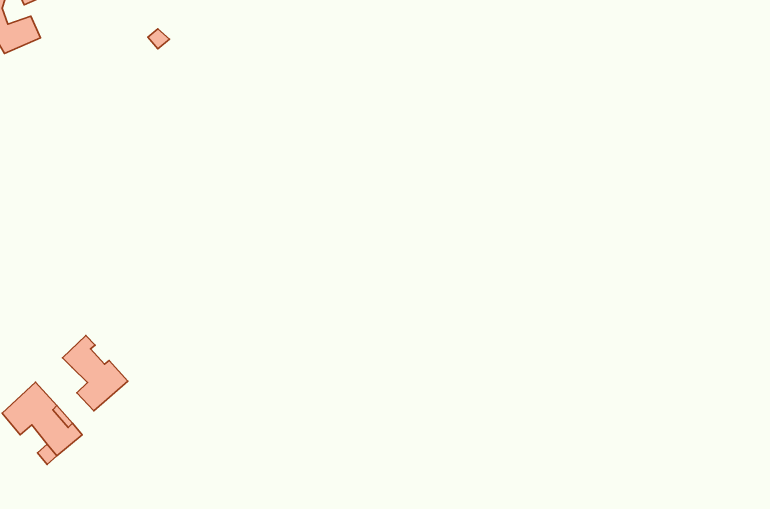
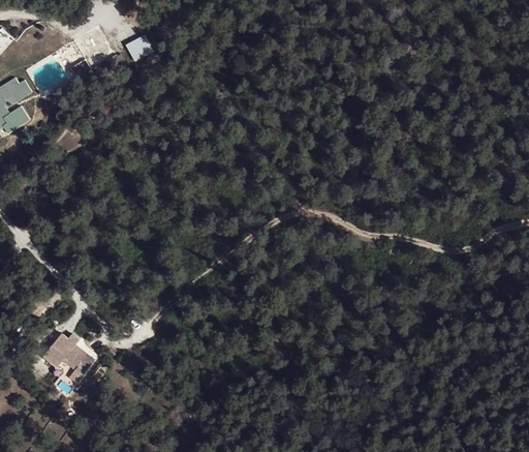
building: [63,336,128,411] -> none

